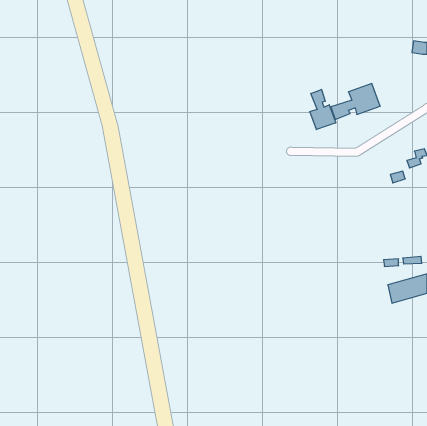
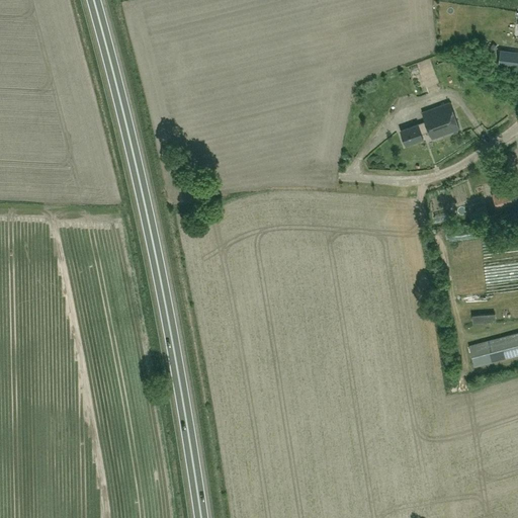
building: [310,89,336,130] -> none

